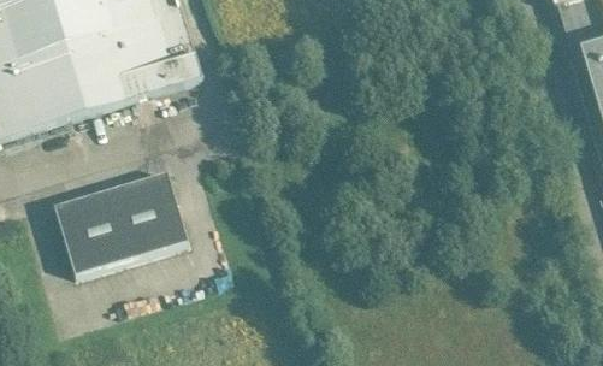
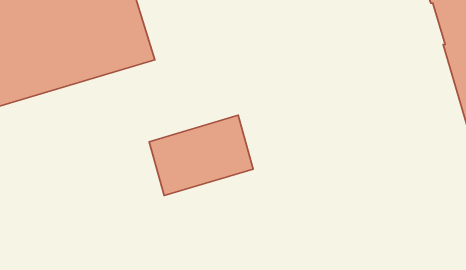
building: [57,173,189,276] -> [149,115,253,195]

